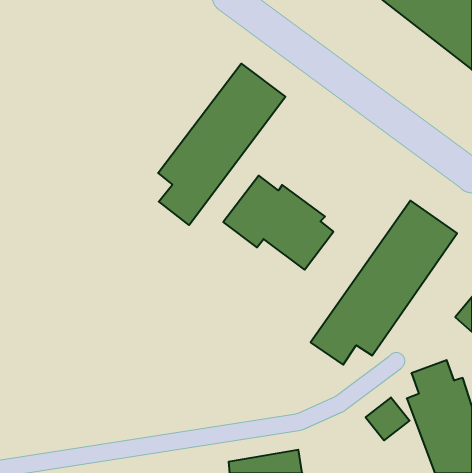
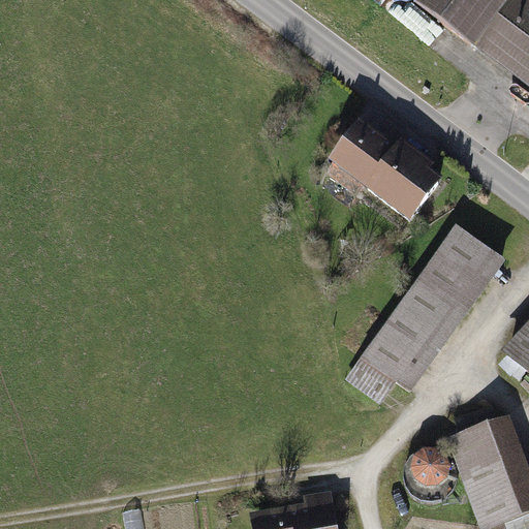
building: [158,64,285,225] -> none
building: [223,176,333,270] -> [323,119,445,223]

